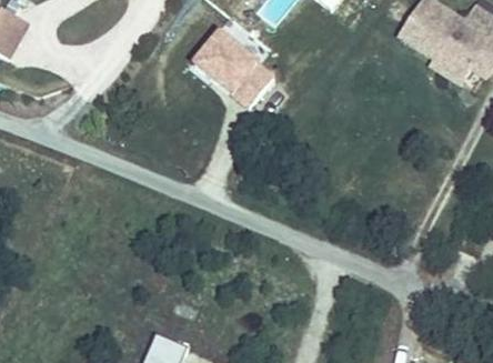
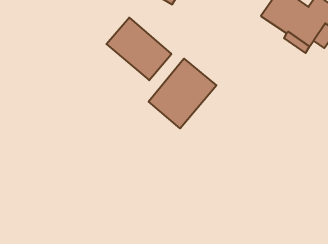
building: none -> [149,59,216,128]

